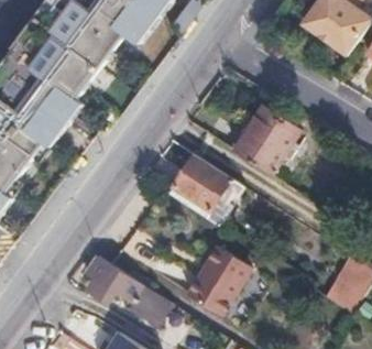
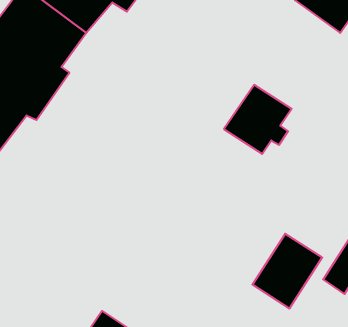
building: [171,154,231,218] -> none
building: [186,243,254,316] -> [252,234,322,308]
building: [88,258,175,327] -> none

